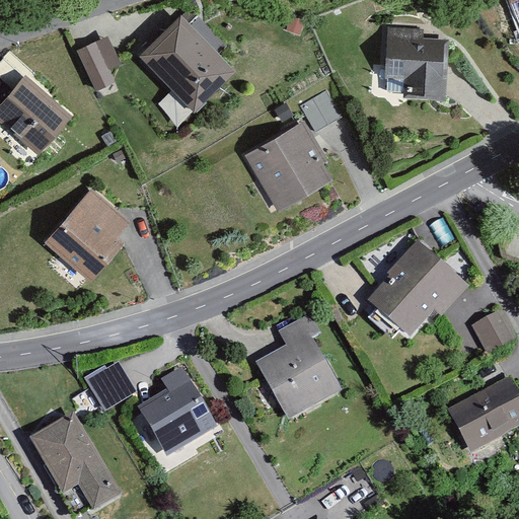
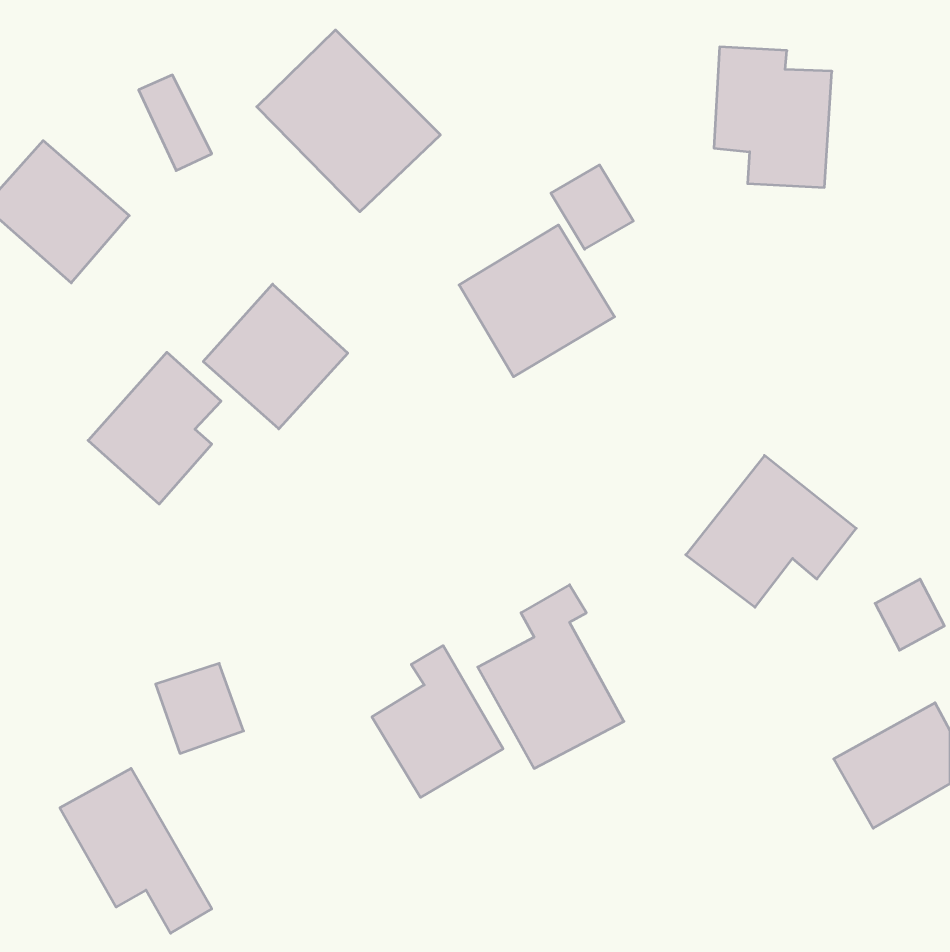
building: none -> [203,284,348,429]
building: [141,369,212,451] -> [372,646,503,797]

